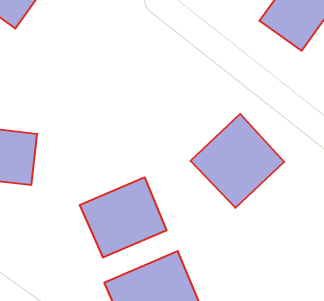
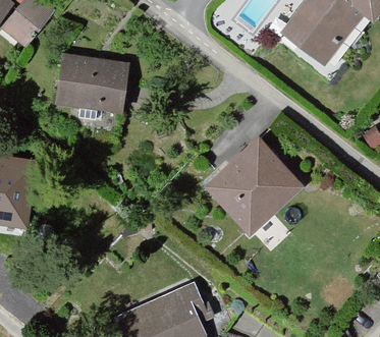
building: none -> [53,52,129,115]
building: [80,177,167,258] -> none

